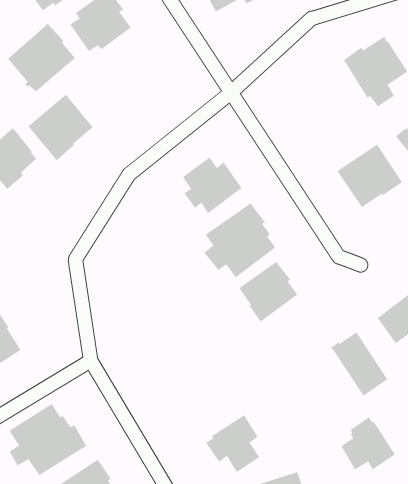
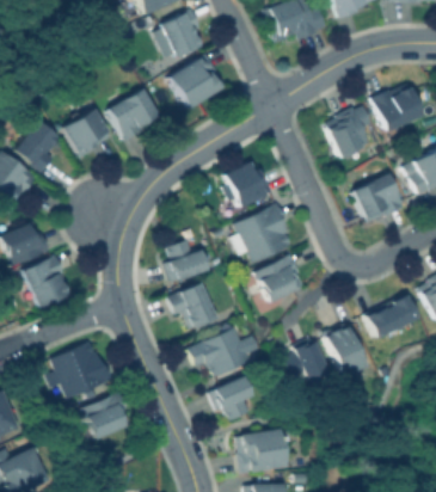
building: [7,23,76,92] -> [168,55,225,110]
building: none -> [325,107,373,160]
building: none -> [166,239,209,282]
building: none -> [168,282,217,328]
building: none -> [188,327,258,377]
building: [340,417,396,470] -> [285,337,330,381]

